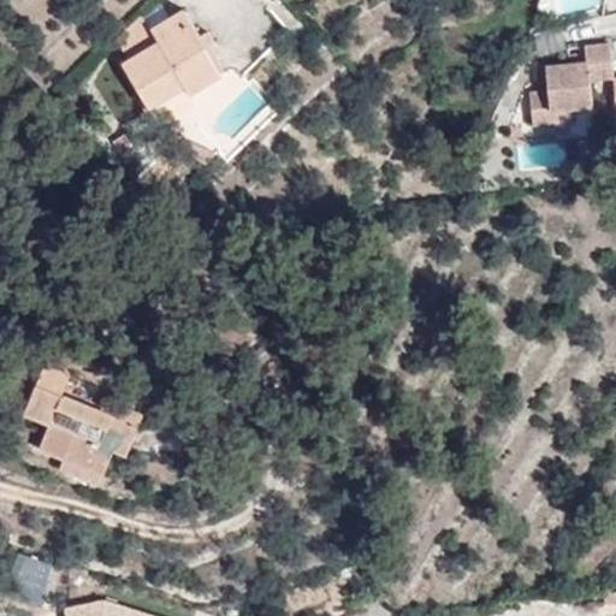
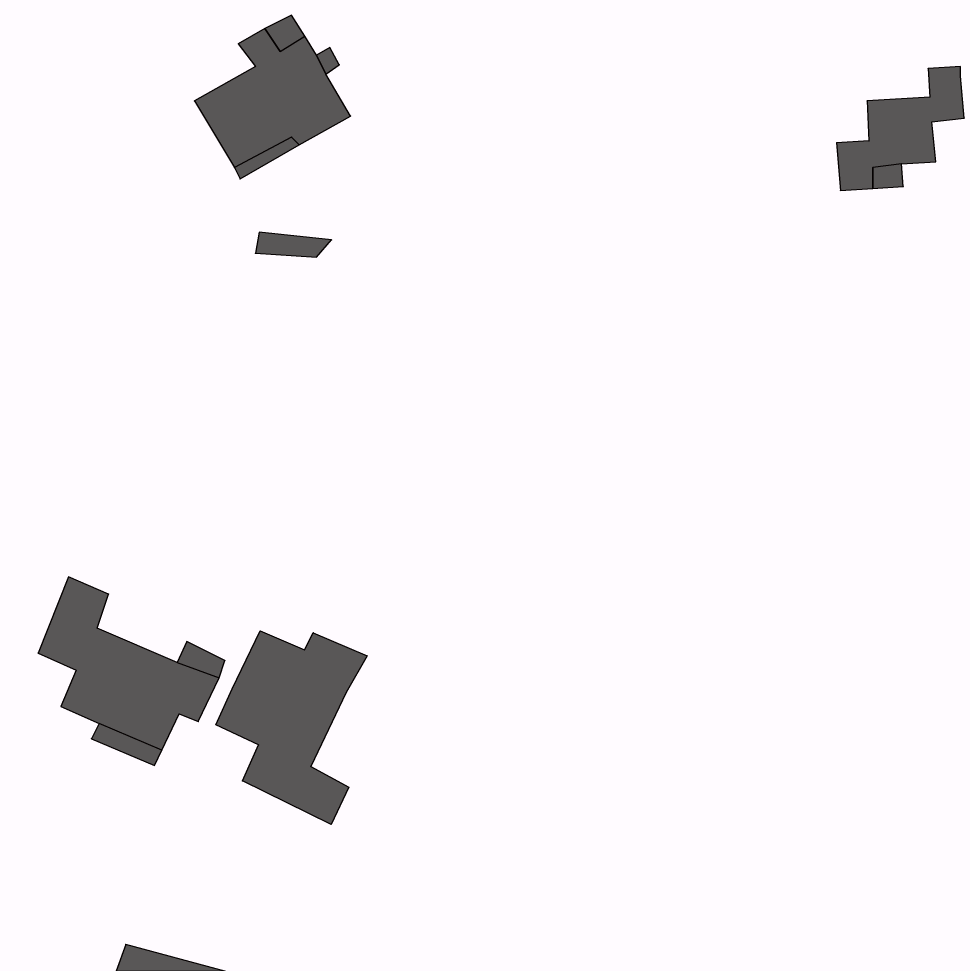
building: none -> [216,631,367,824]

